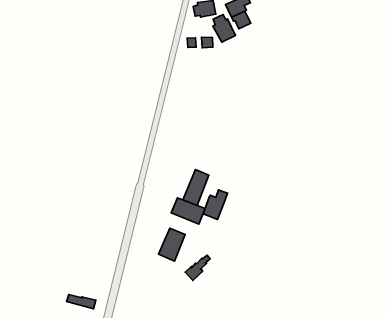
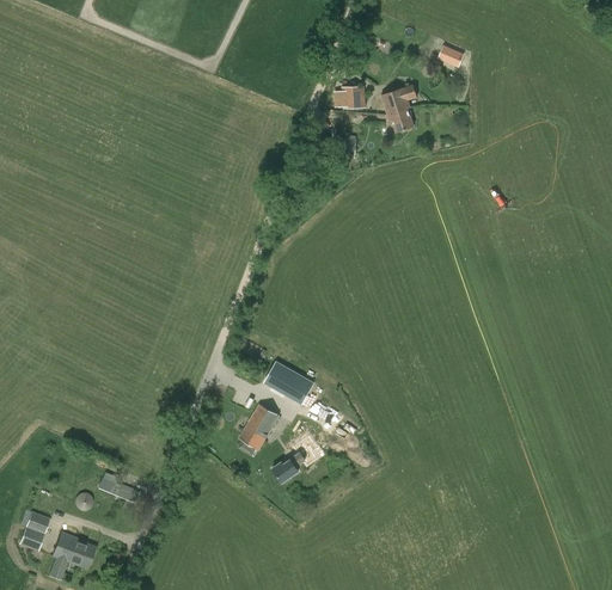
building: [213,15,236,42] -> none
building: [183,169,209,205] -> none
building: [203,190,228,219] -> none

